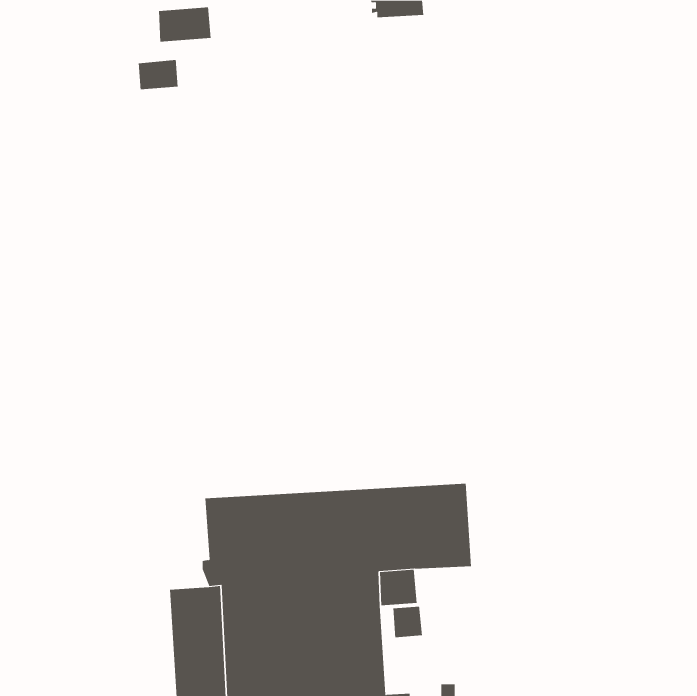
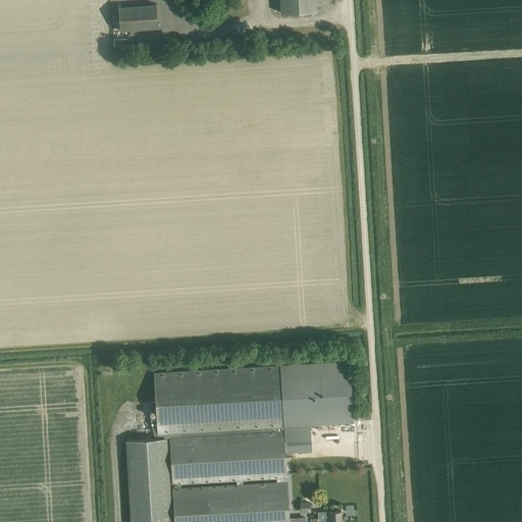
building: [138,59,178,90] -> none
building: [393,606,423,638] -> none

